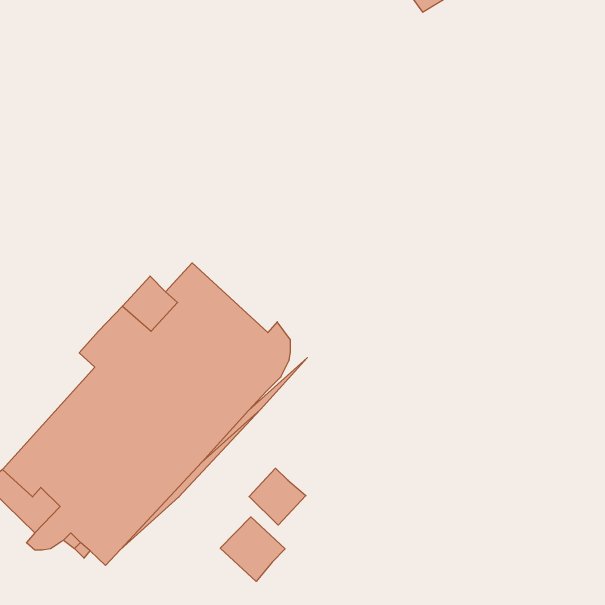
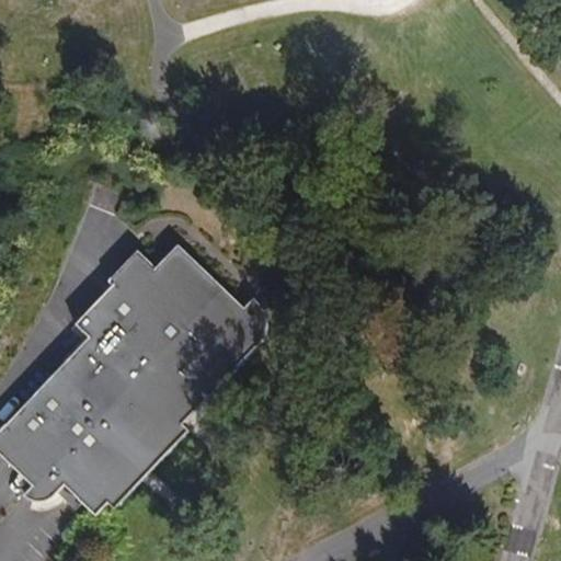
building: [249,468,306,525] -> none
building: [220,517,285,581] -> none

